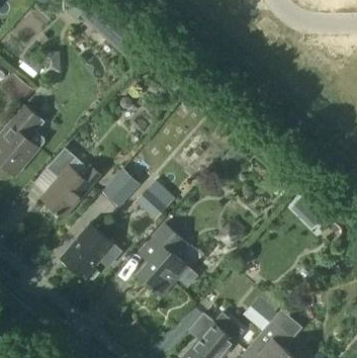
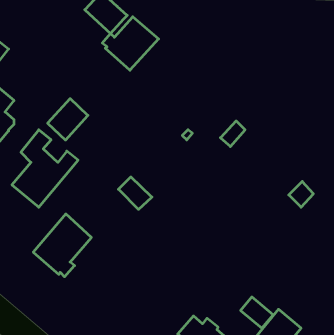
building: none -> [102,17,159,70]
building: [102,169,139,206] -> [48,99,88,140]
building: [136,225,196,296] -> none

